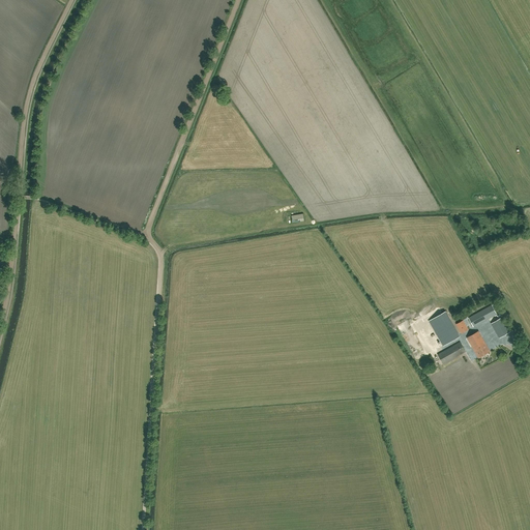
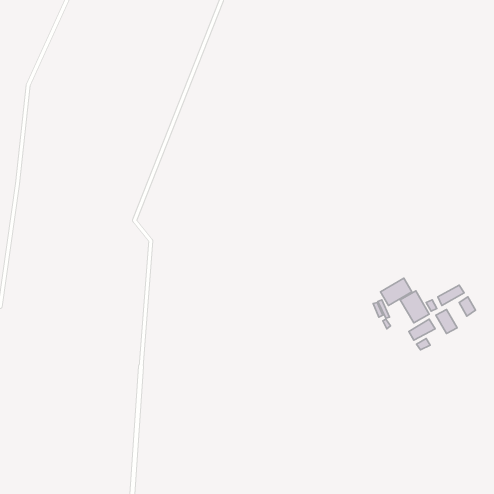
building: none -> [380,278,412,305]

